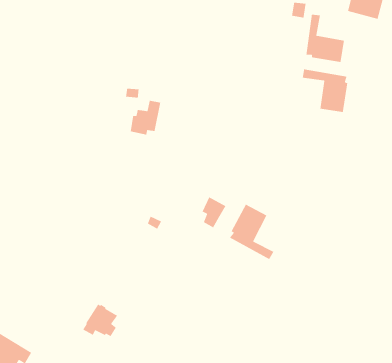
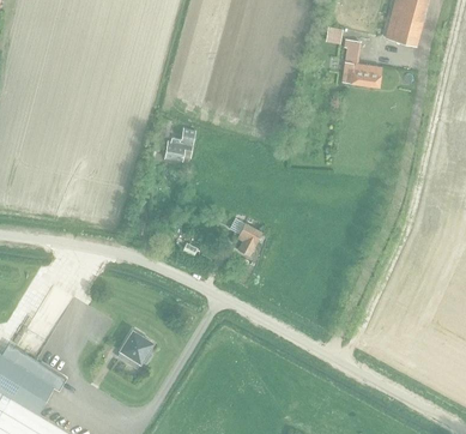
building: [302,69,348,113] -> none
building: [229,203,274,260] -> none

